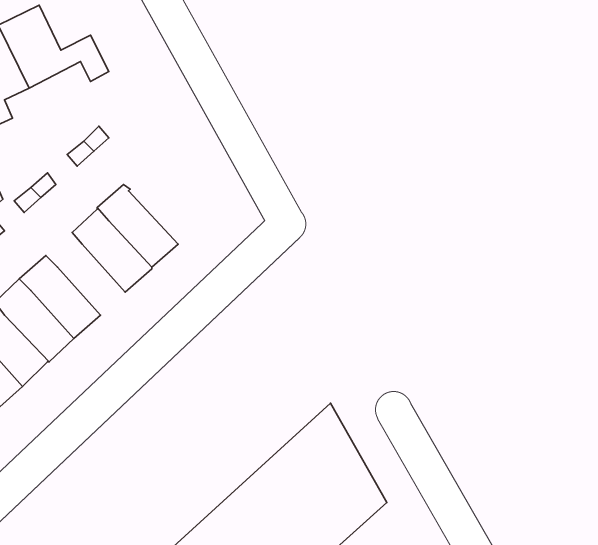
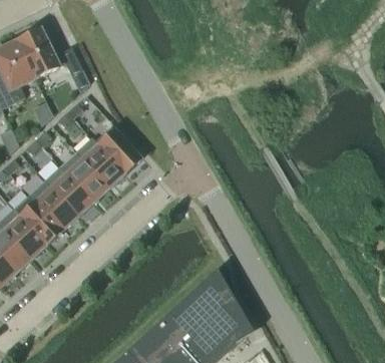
building: none -> [94,126,140,173]
building: none -> [44,166,92,217]

